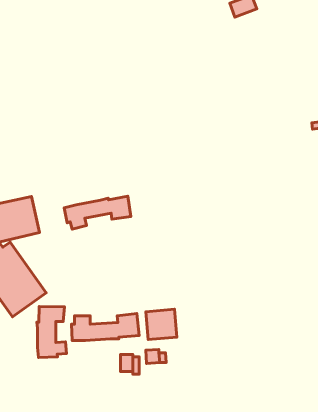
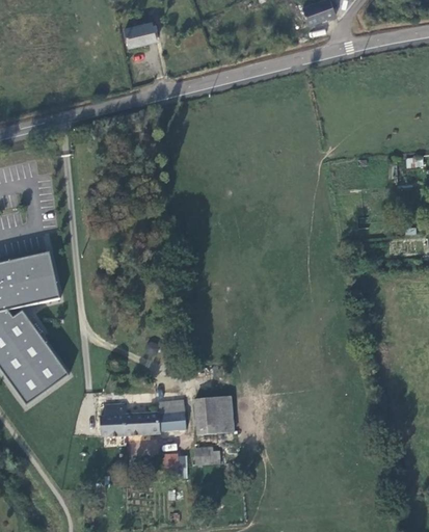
building: none -> [125,21,157,46]
building: [64,196,131,229] -> none
building: [37,307,67,357] -> none

